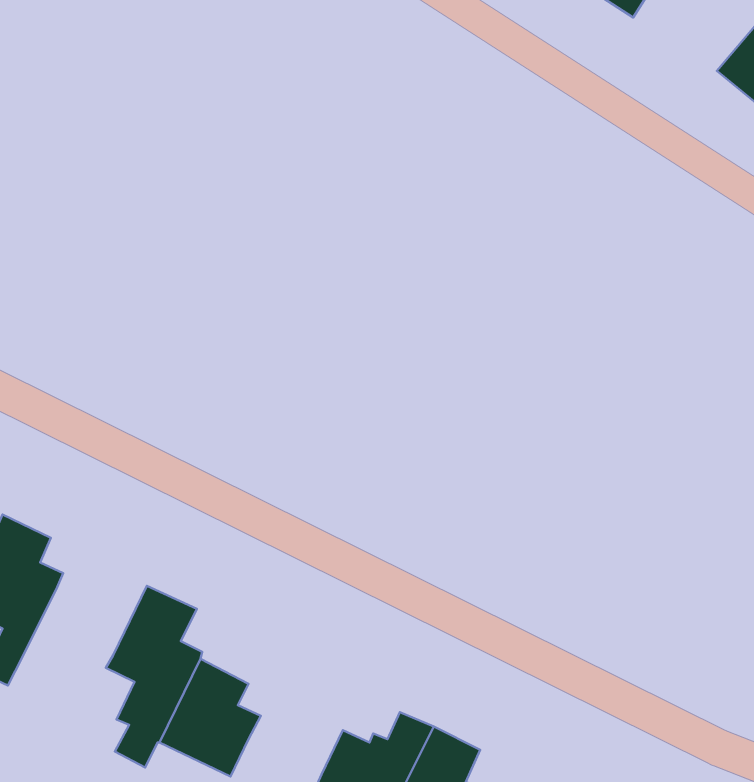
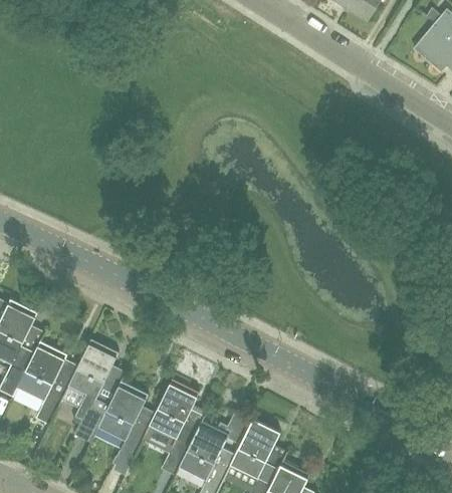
building: none -> [16,342,71,426]
building: none -> [148,380,203,447]

